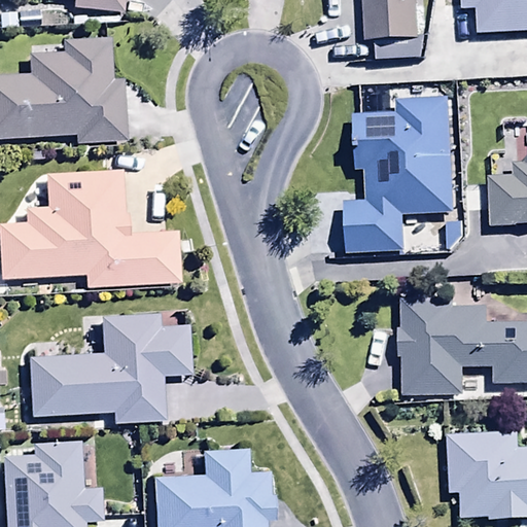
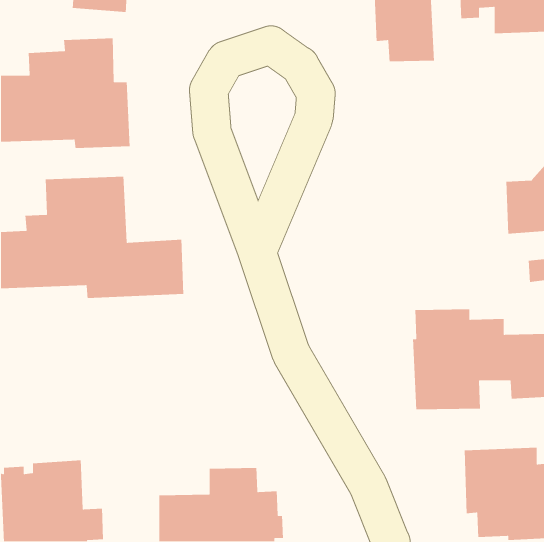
building: [346,97,455,252] -> none
building: [28,314,191,423] -> none

